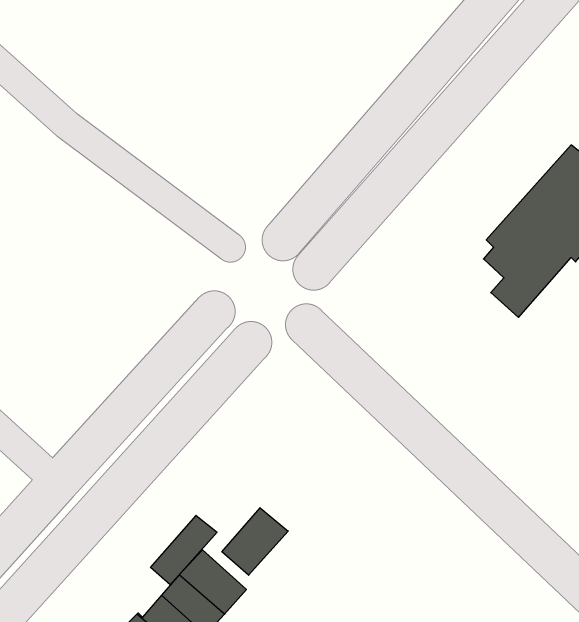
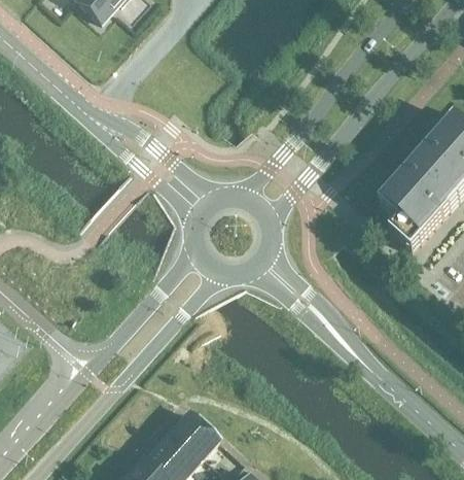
building: [222,508,288,575] -> none
building: [151,515,217,585] -> none

